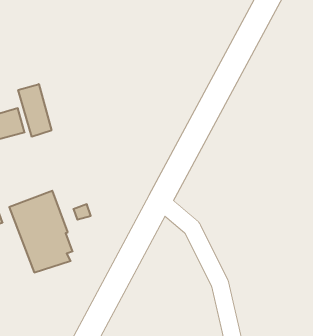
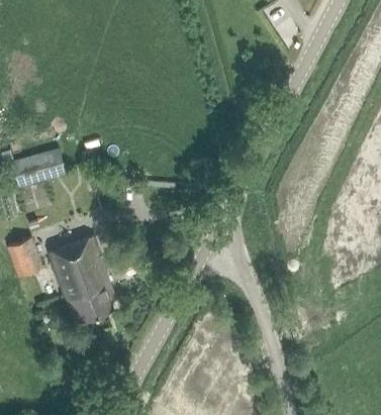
building: [18,84,51,137] -> none

